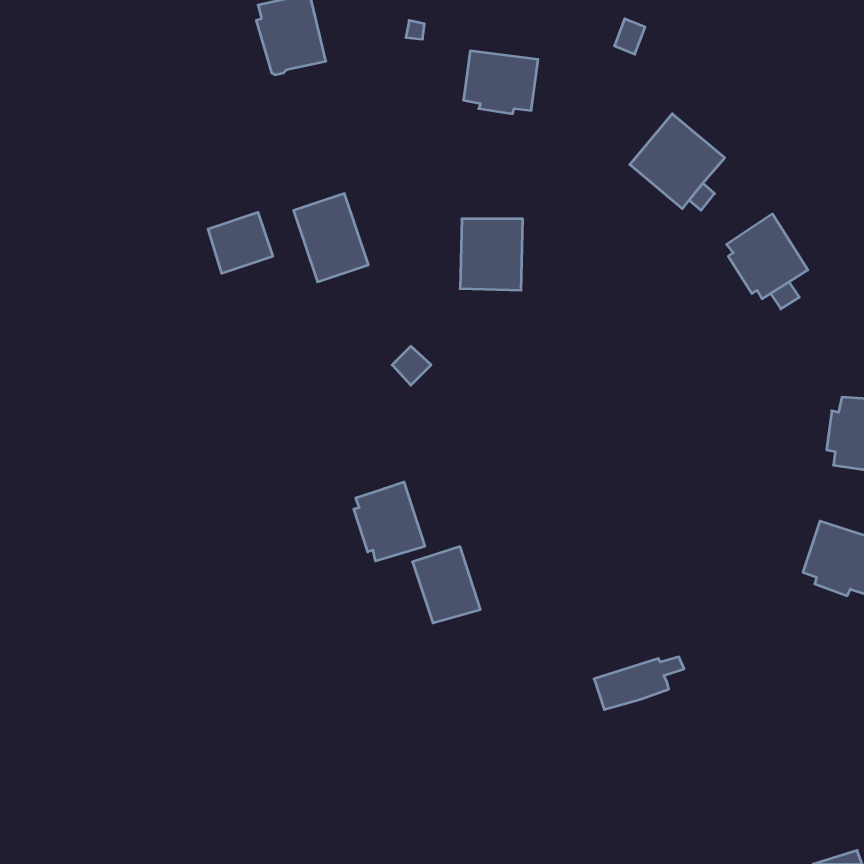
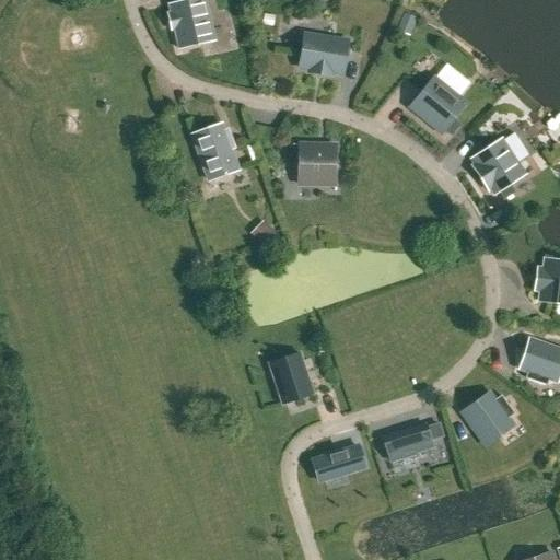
building: [208,212,273,273] -> none
building: [354,482,425,561] -> none
building: none -> [459,388,517,447]
building: none -> [314,445,366,479]

